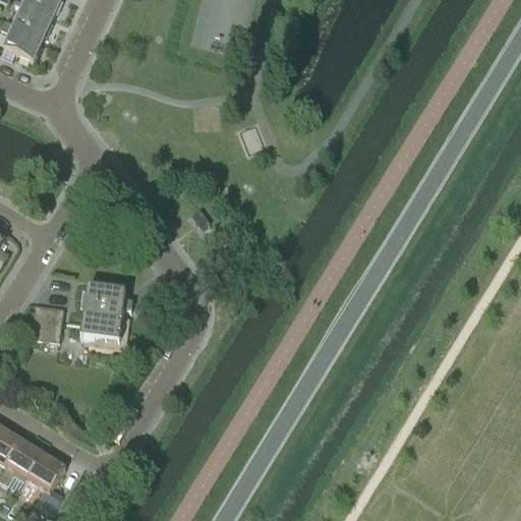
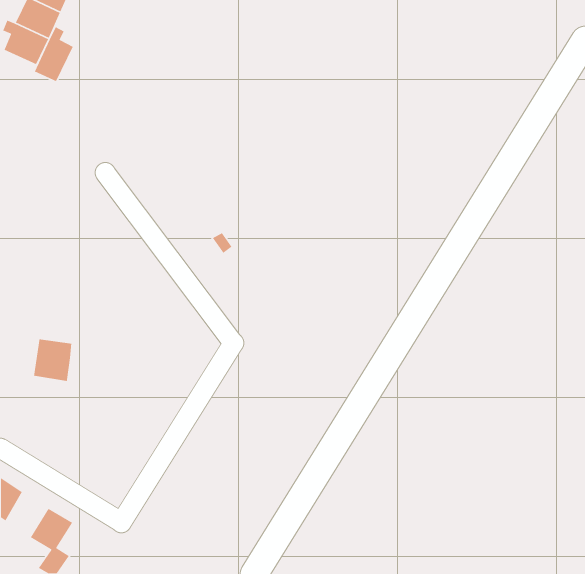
building: none -> [34,26,74,82]
building: [79,284,132,340] -> none
building: [5,438,43,478] -> none

